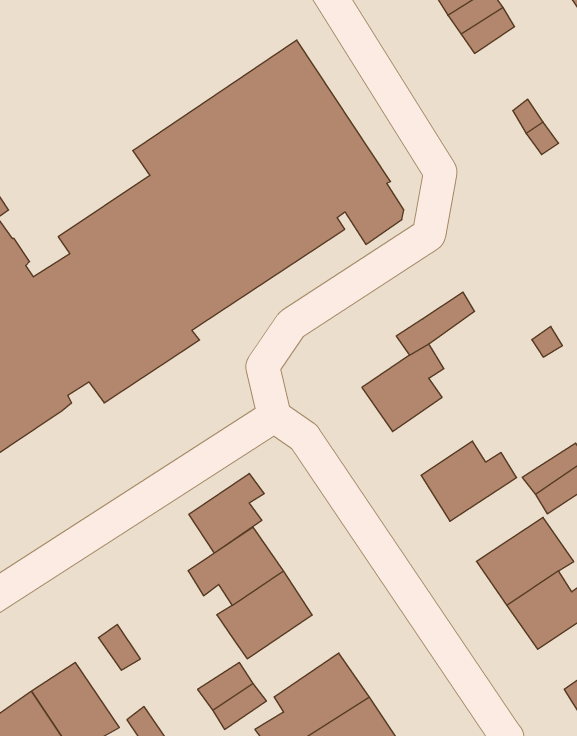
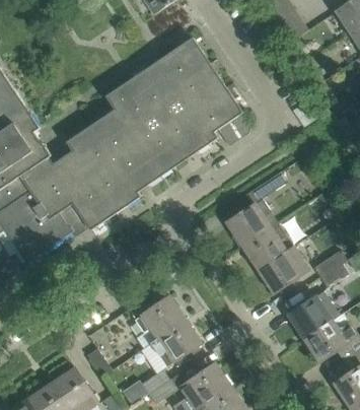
building: none -> [242,222,286,269]
building: [189,473,264,553] -> none

